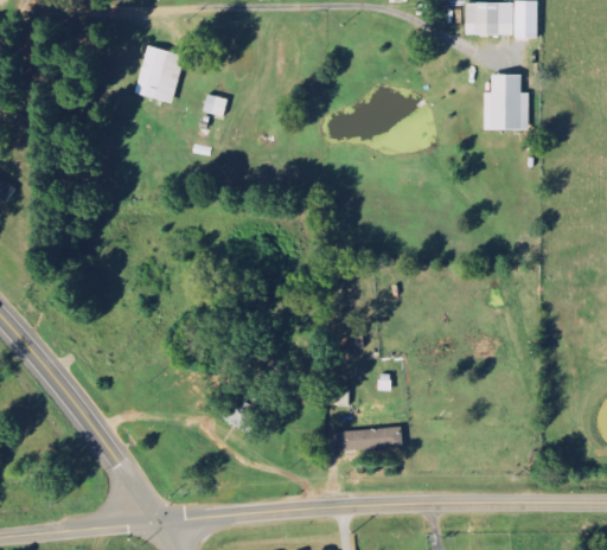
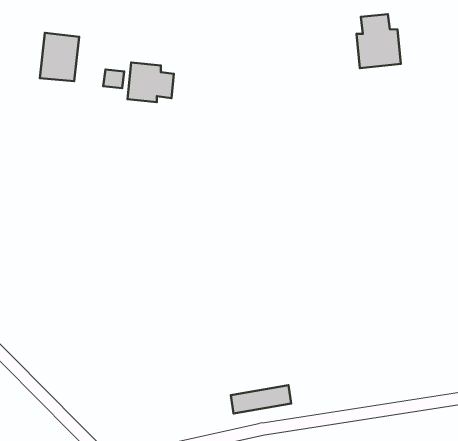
building: none -> [128,63,174,102]
building: [337,428,401,450] -> [231,385,291,413]

